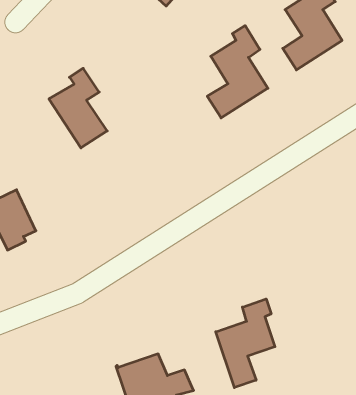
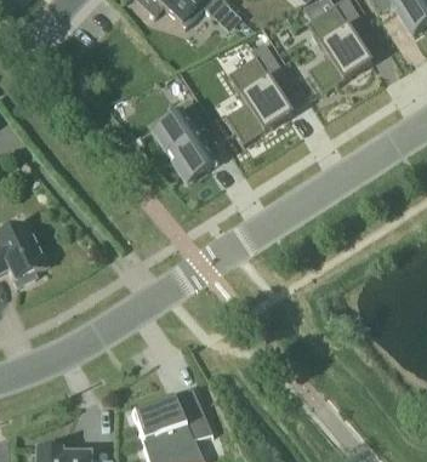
building: [49,68,107,148] -> [153,97,215,182]
building: [216,299,275,388] -> none

